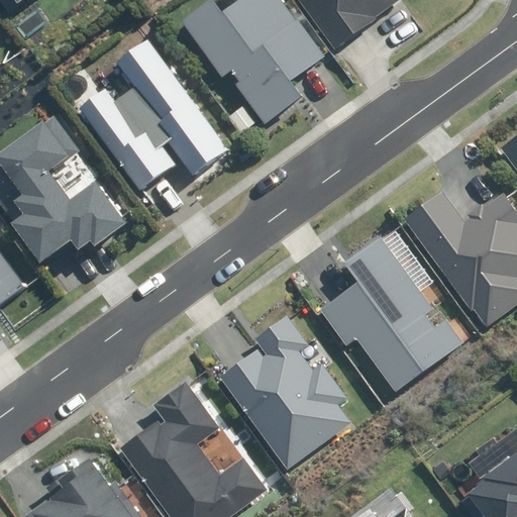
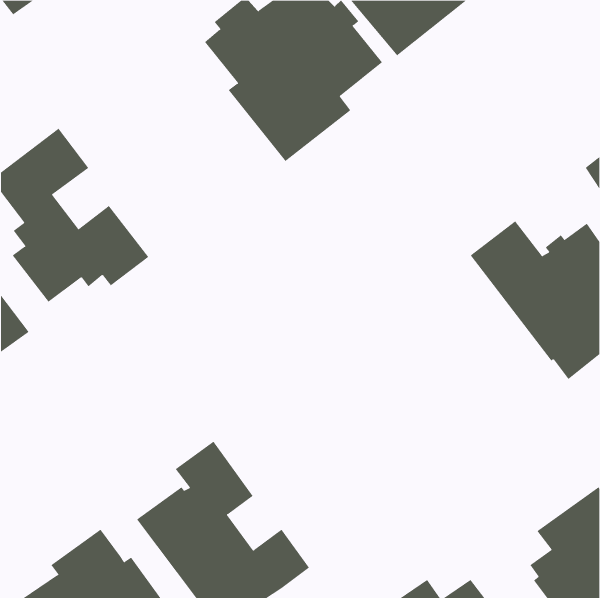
building: [77,38,231,191] -> none
building: [320,233,473,393] -> none
building: [218,315,351,470] -> none

